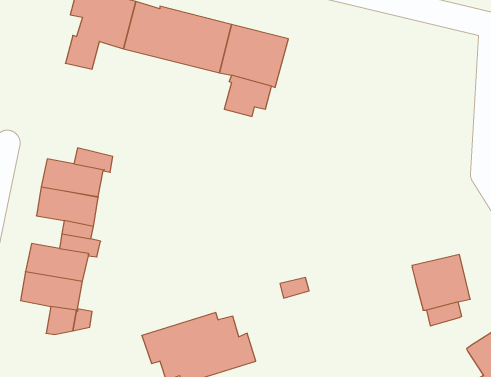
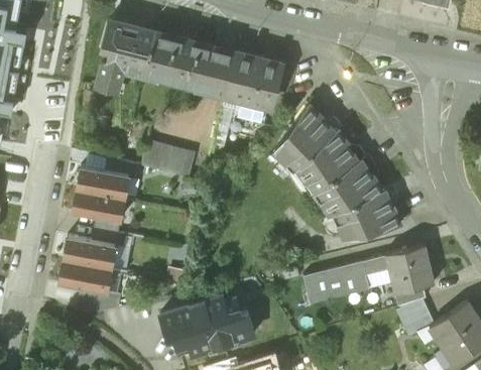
building: none -> [275,104,400,239]
building: none -> [141,142,193,177]
building: none -> [304,257,387,302]
building: none -> [397,298,434,337]

